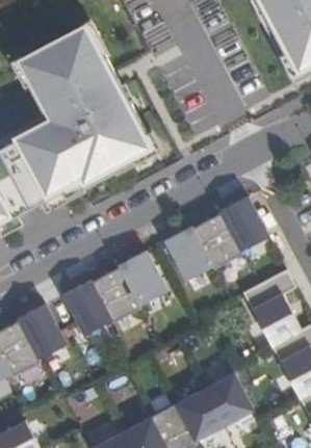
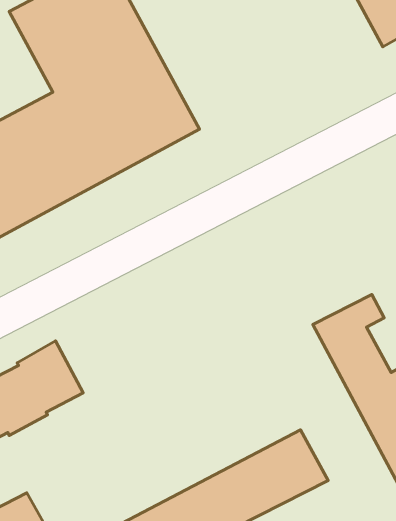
building: [164,199,269,283] -> none
building: [63,253,169,336] -> none

